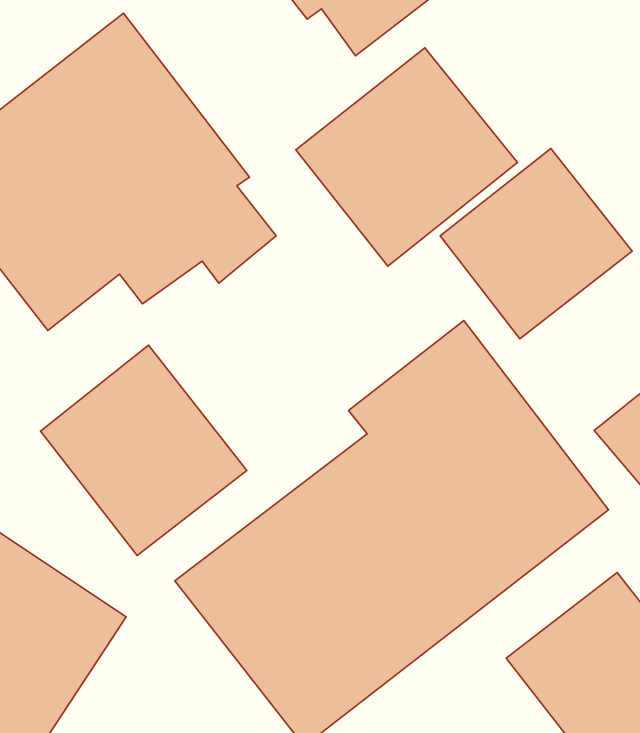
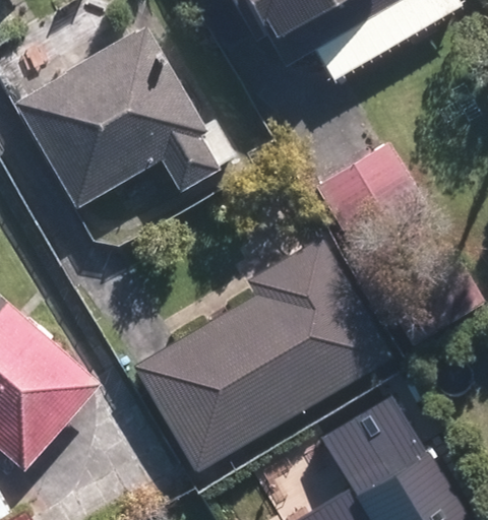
building: [296,48,518,266] -> none
building: [41,345,247,556] -> none

